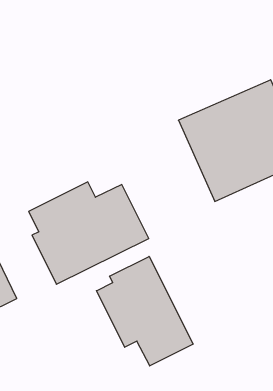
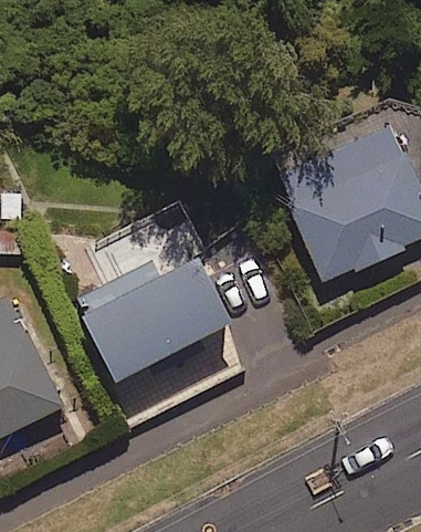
building: [96,256,193,366] -> none

